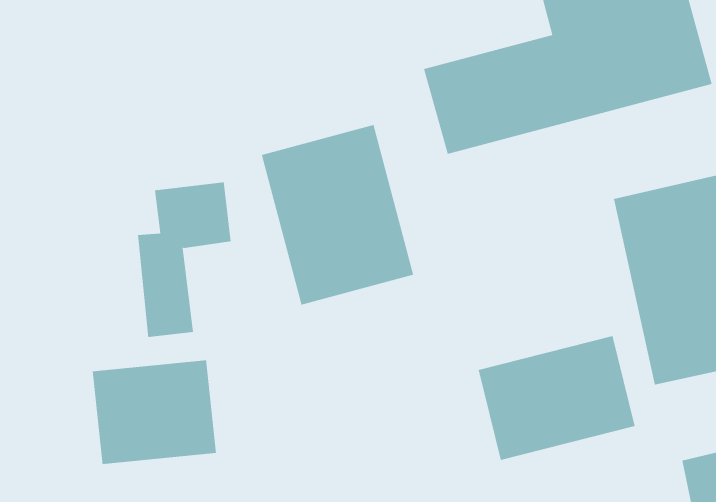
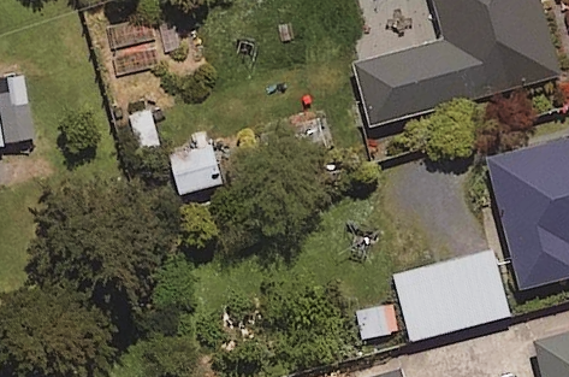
building: [261,124,414,306] -> none
building: [92,359,217,465] -> none

